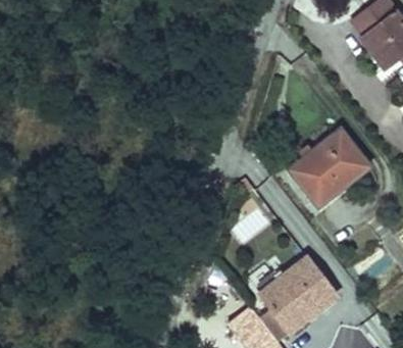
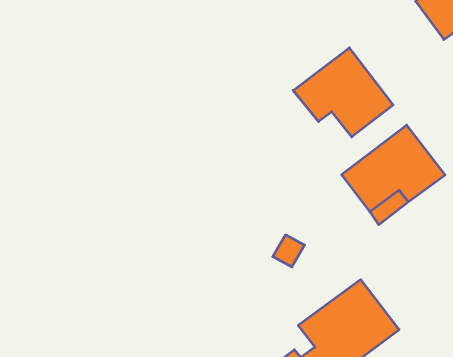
building: none -> [293,48,393,137]

